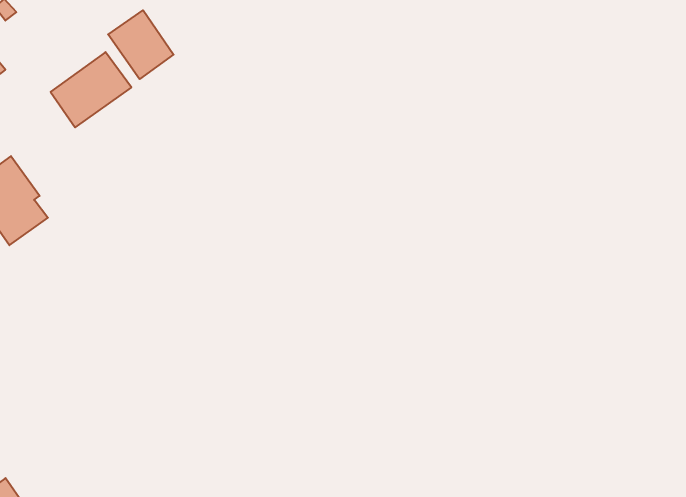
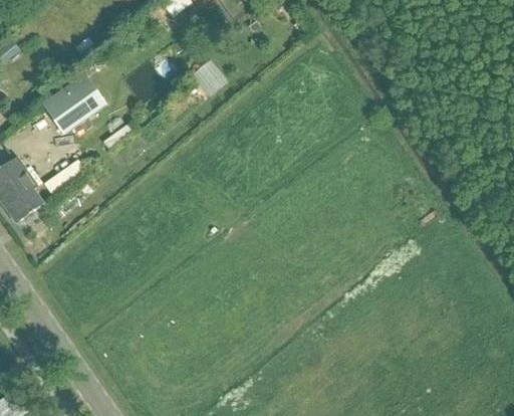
building: [108,10,174,79] -> none

